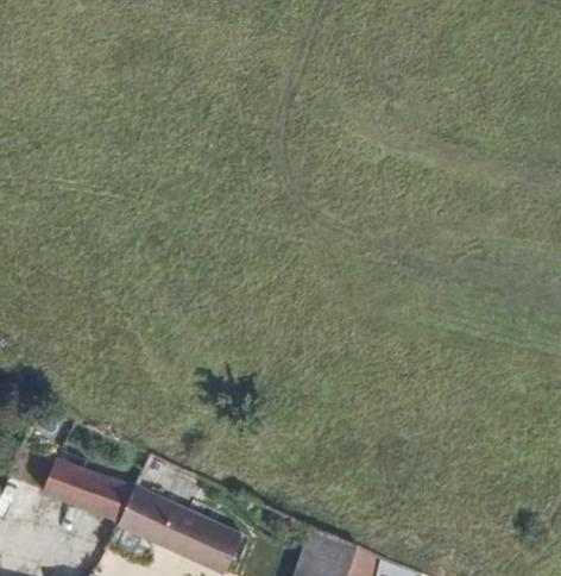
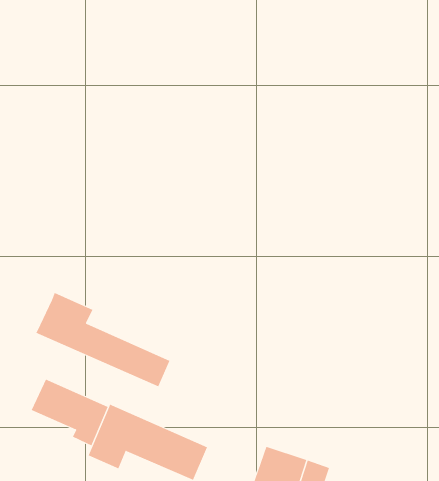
building: none -> [35,292,170,387]

